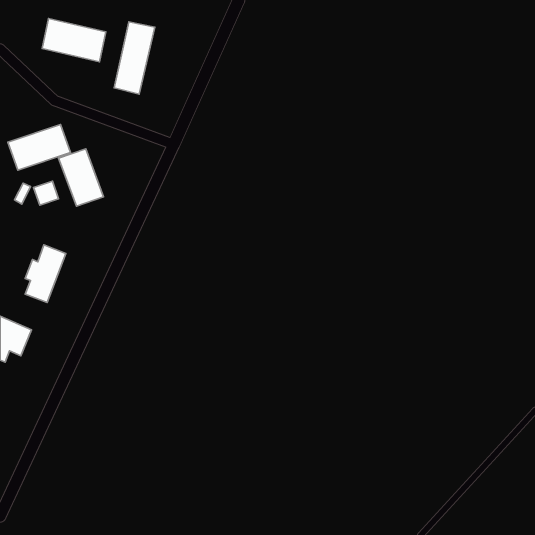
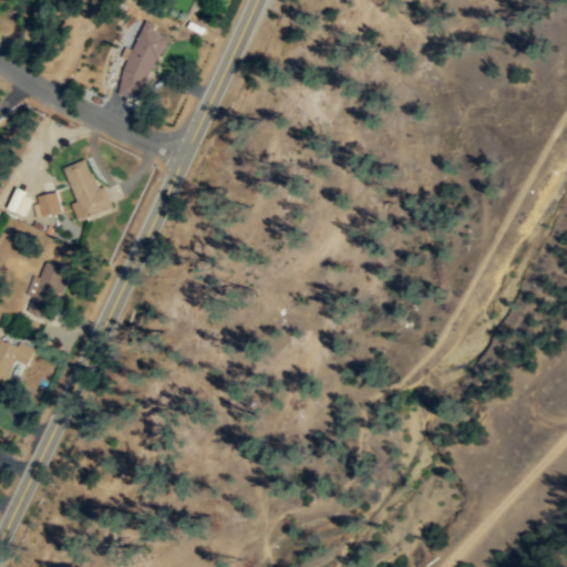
building: [42,18,106,62] -> none
building: [8,125,70,170] -> none

